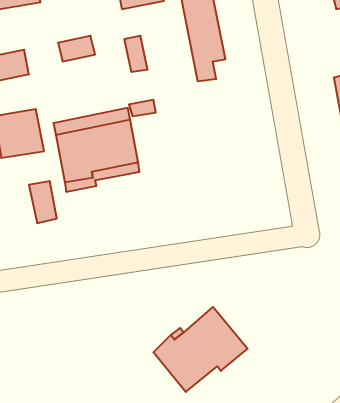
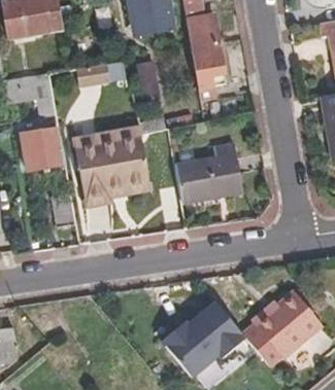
building: none -> [176,143,243,204]
building: none -> [250,289,323,358]

